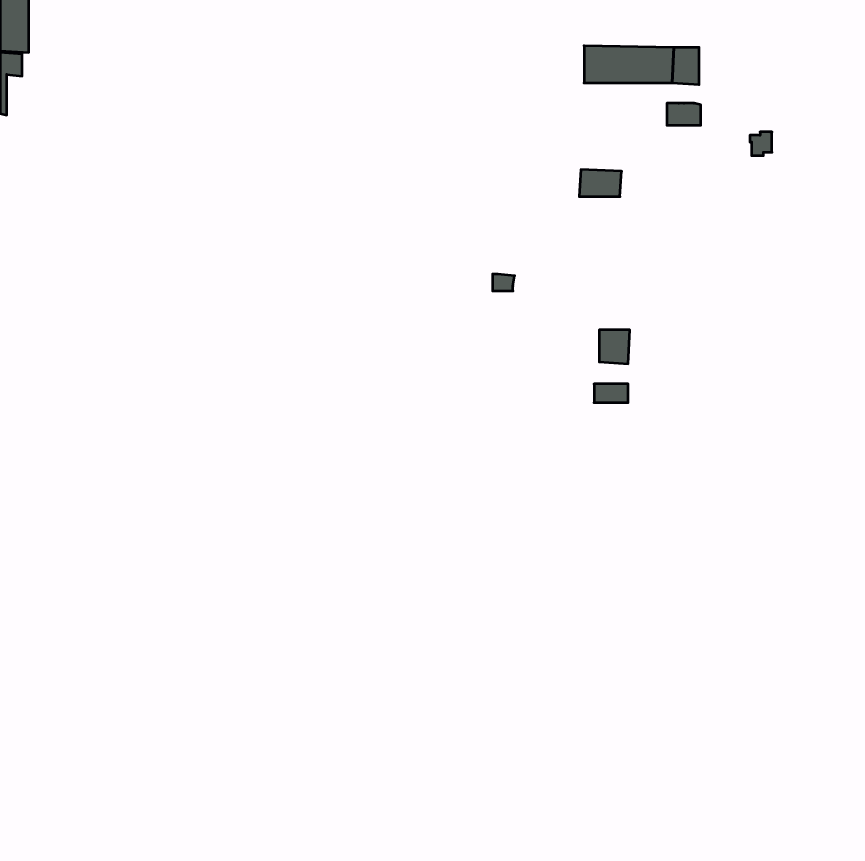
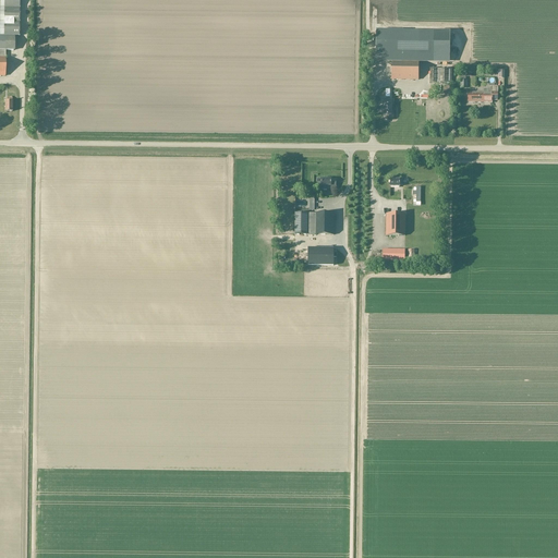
building: [579,170,622,197] -> [391,60,418,77]
building: none -> [294,211,333,233]
building: none -> [308,246,337,264]

